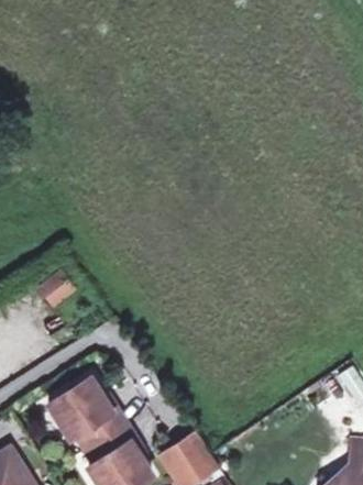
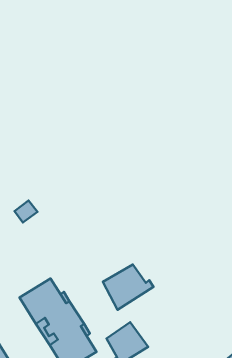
building: none -> [103,264,154,310]

